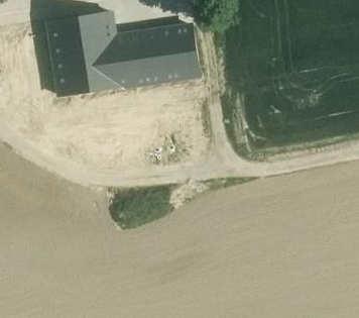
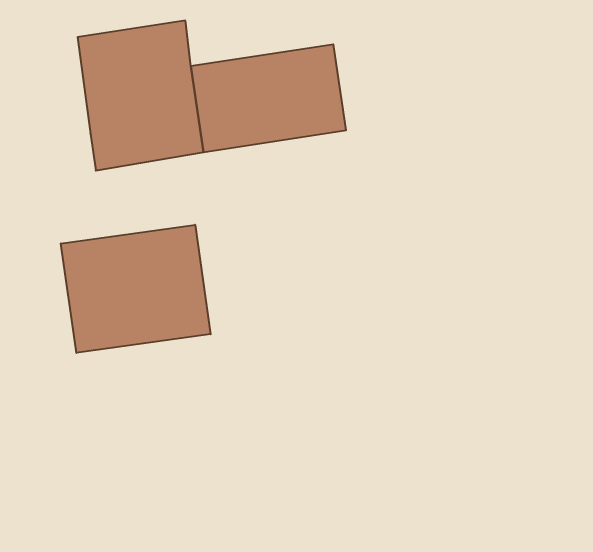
building: none -> [61,225,211,353]

